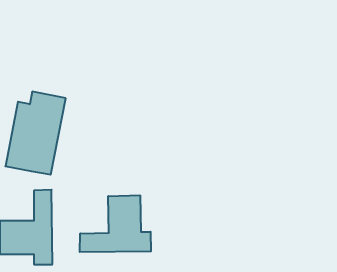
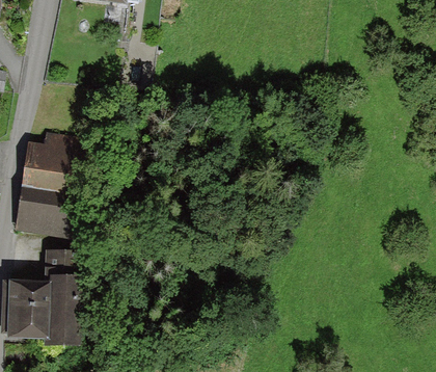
building: [80,195,151,252] -> none

